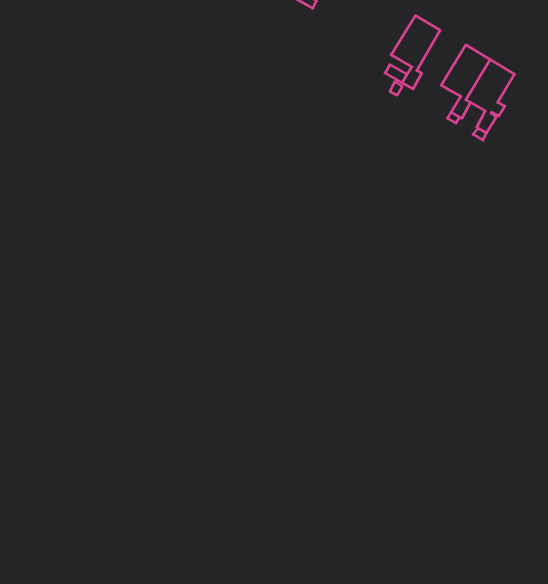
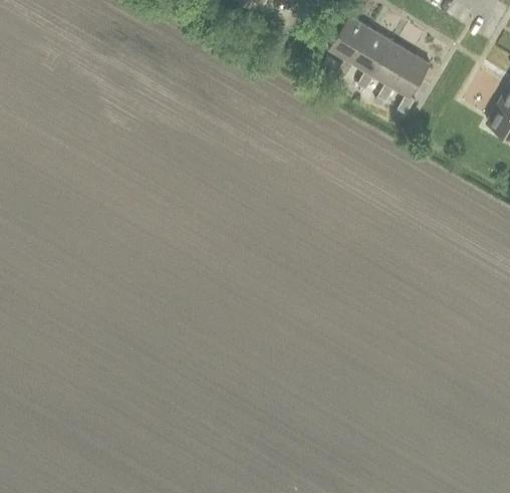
building: none -> [349,27,390,87]

